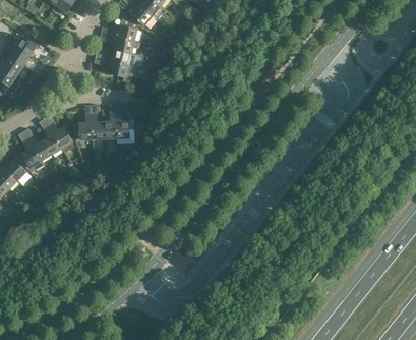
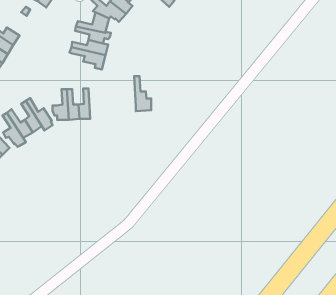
building: [115,105,134,145] -> [134,76,151,111]

